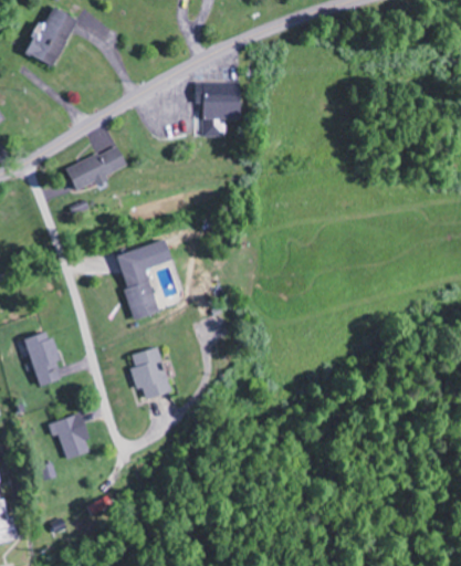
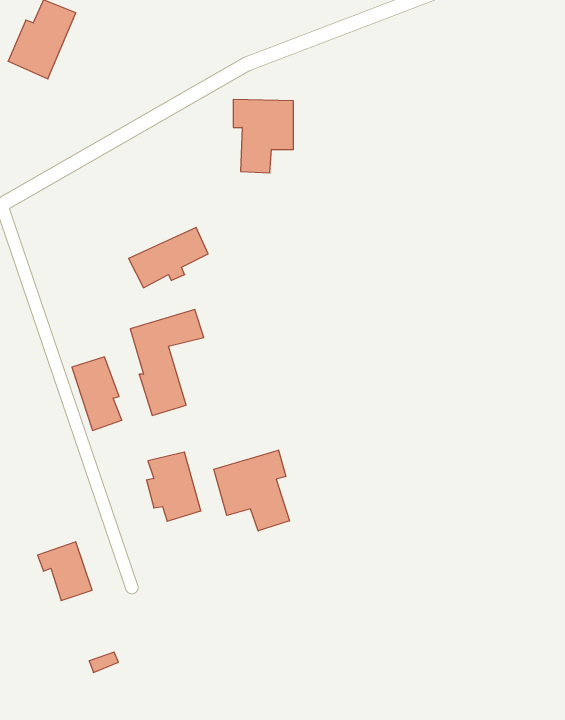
building: [65,145,125,190] -> [129,228,208,288]
building: [24,331,62,386] -> [72,357,122,430]
building: none -> [214,450,289,531]

